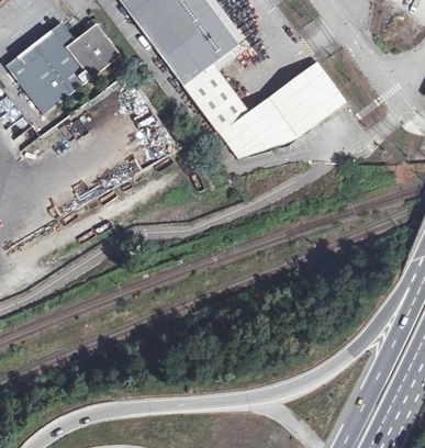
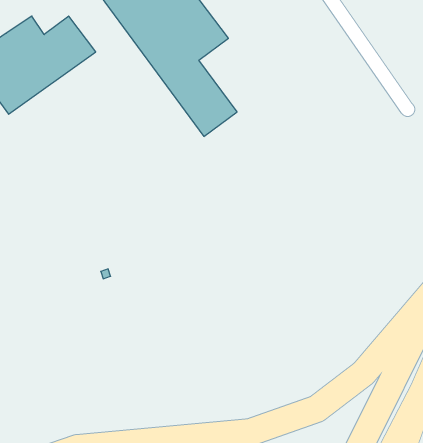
building: [219,61,345,158] -> none

